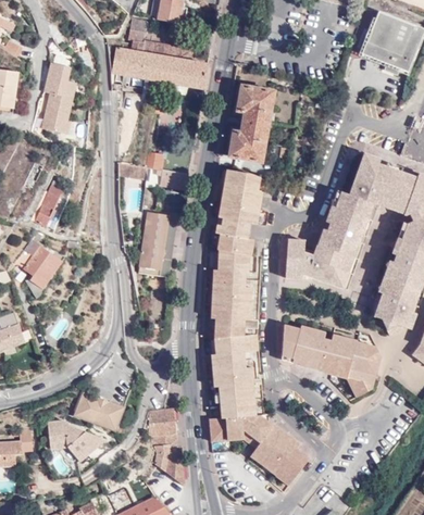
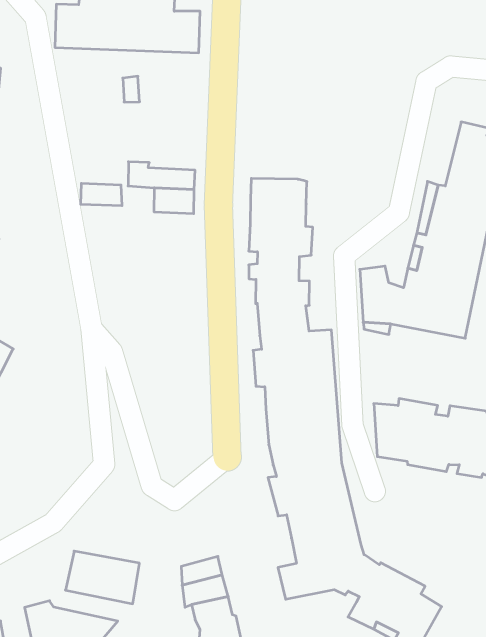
building: [229,86,274,162] -> none
building: [138,208,178,272] -> none

